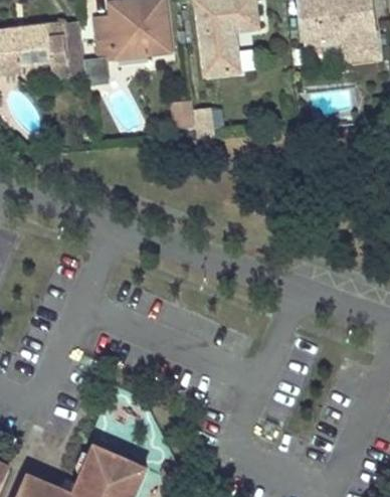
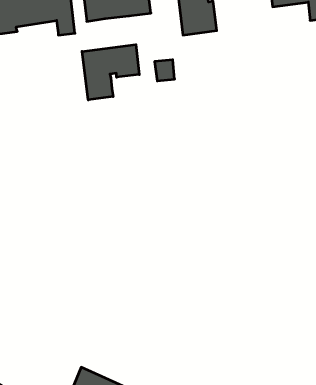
building: none -> [82,45,139,100]

